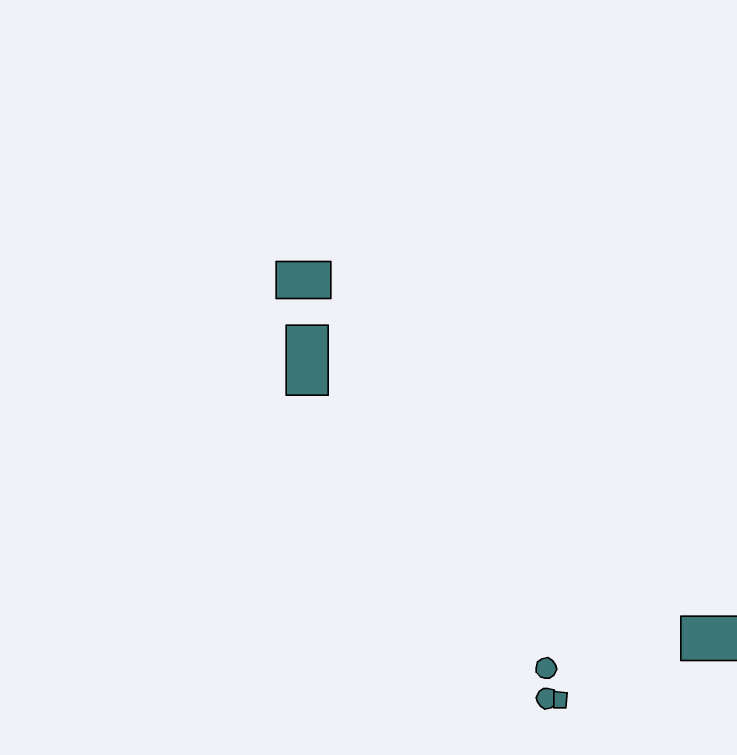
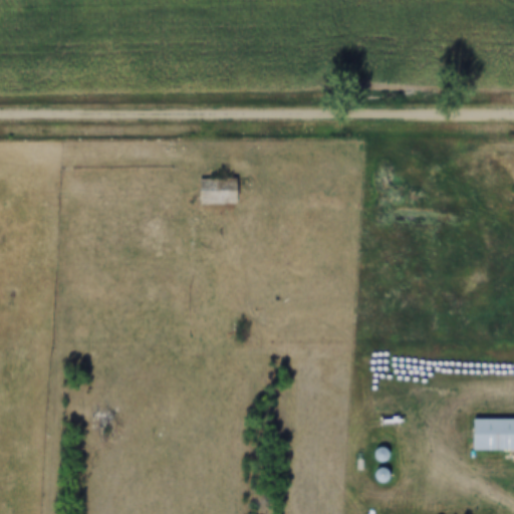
building: [286,325,328,395] -> none

